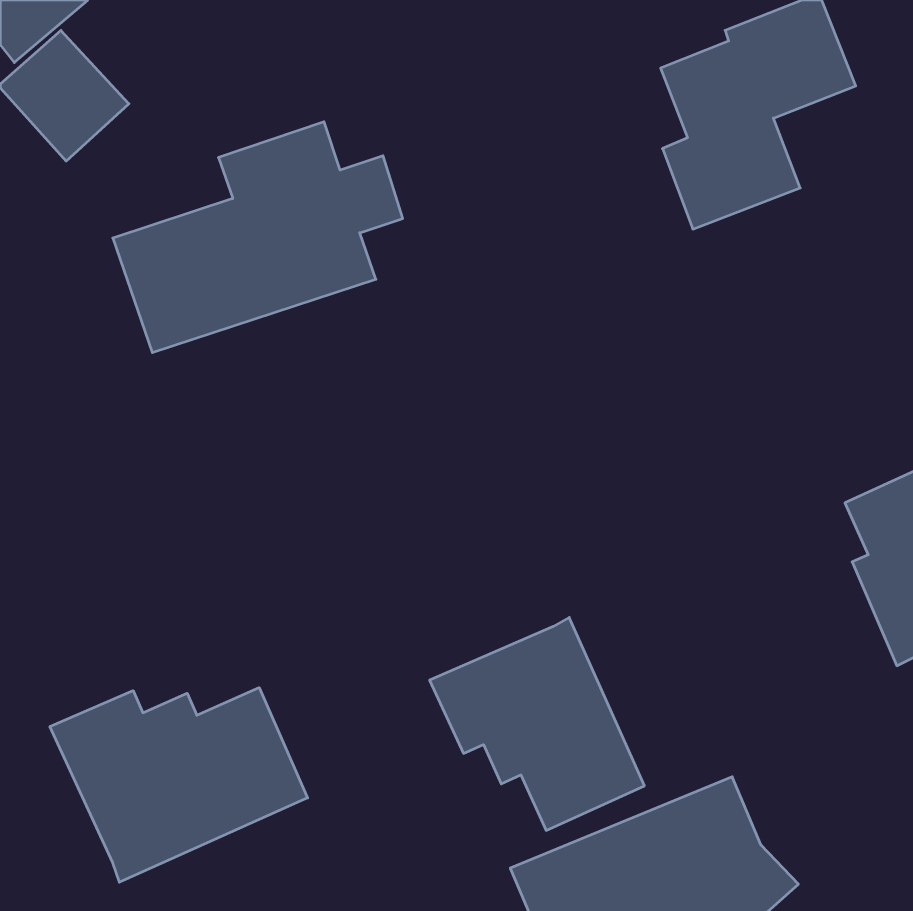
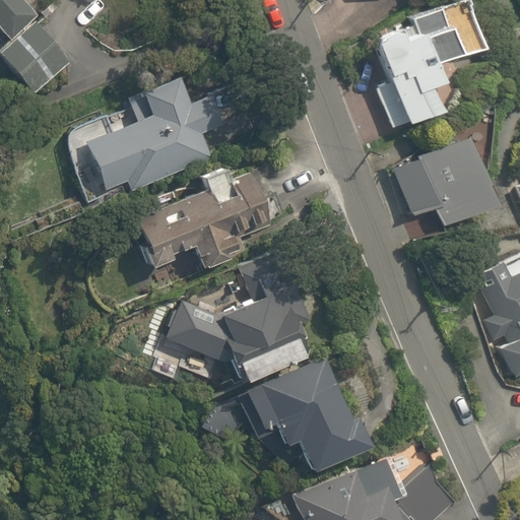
building: none -> [388,136,495,226]
building: none -> [136,167,281,268]
building: none -> [161,248,315,388]
building: [50,688,308,882] -> none

